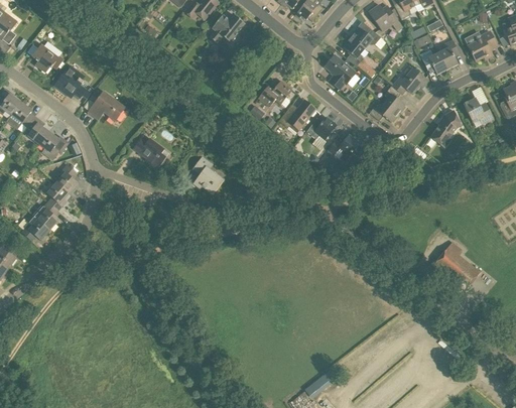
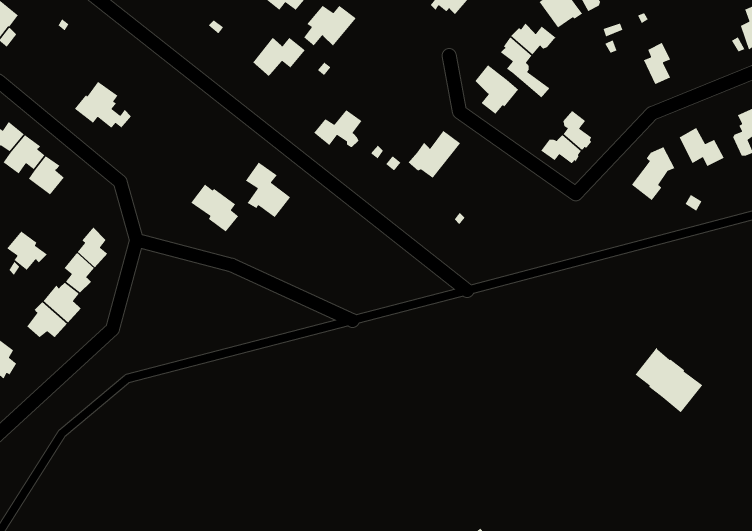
building: [468,30,497,60] -> none
building: none -> [252,37,306,77]
building: [32,44,64,73] -> none
building: [418,48,446,76] -> none
building: [391,67,426,94] -> none
building: [258,81,291,107] -> [313,109,362,148]
building: [88,91,124,120] -> none
building: [305,116,336,139] -> none
building: [37,131,66,158] -> [6,230,48,271]
building: [327,134,362,161] -> none
building: [191,155,223,193] -> [245,162,291,218]

